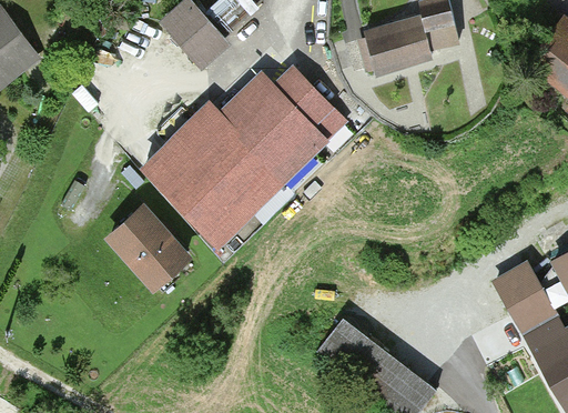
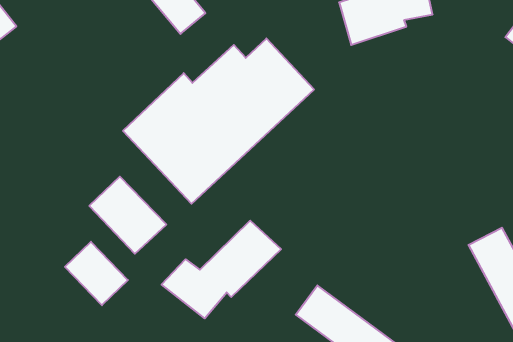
building: none -> [162,221,281,318]
building: none -> [65,242,128,305]

